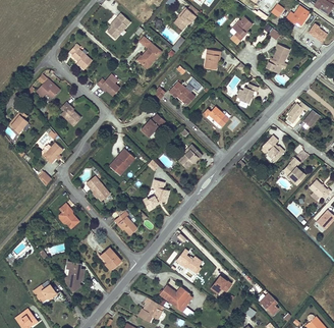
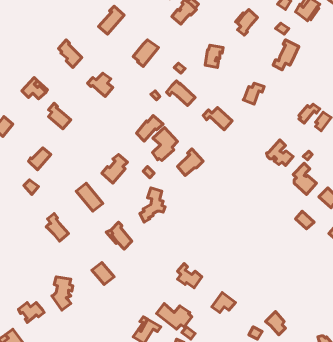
building: none -> [152,127,177,161]

